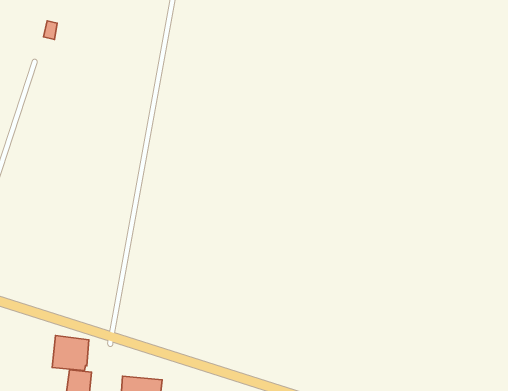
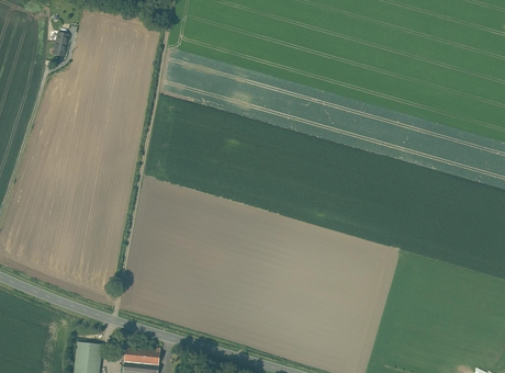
building: [52,336,89,370] -> none

